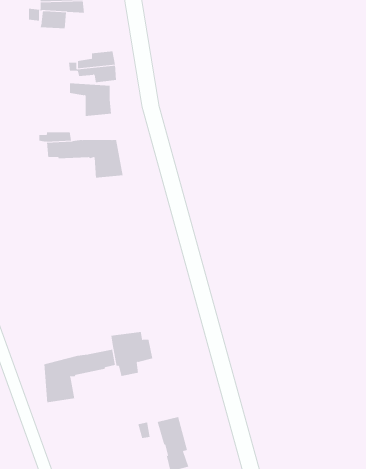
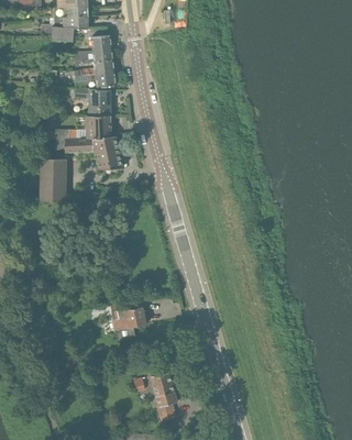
building: none -> [74,35,112,64]
building: none -> [81,114,111,136]
building: none -> [31,153,66,200]
building: [44,349,115,403] -> none

